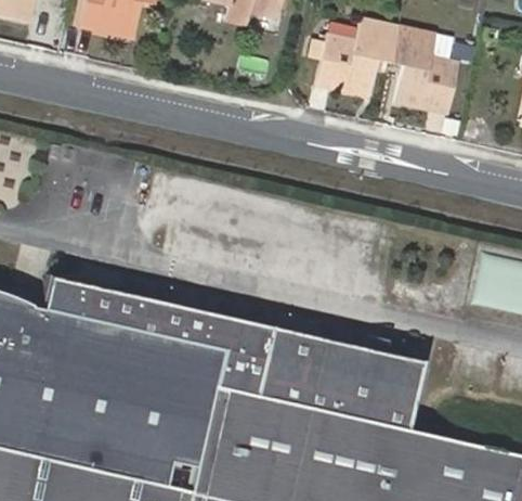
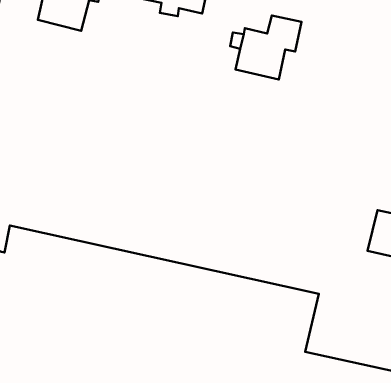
building: [388,29,457,116] -> none

